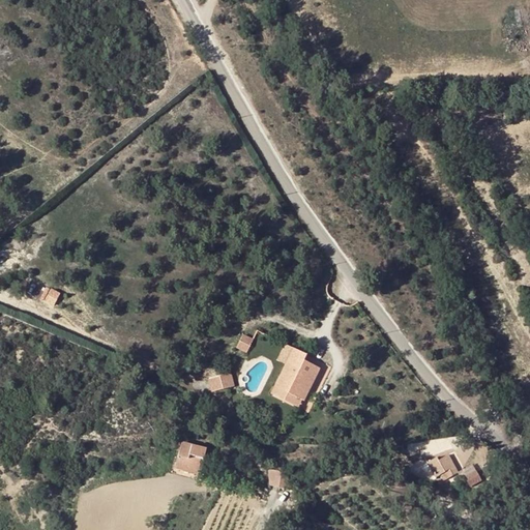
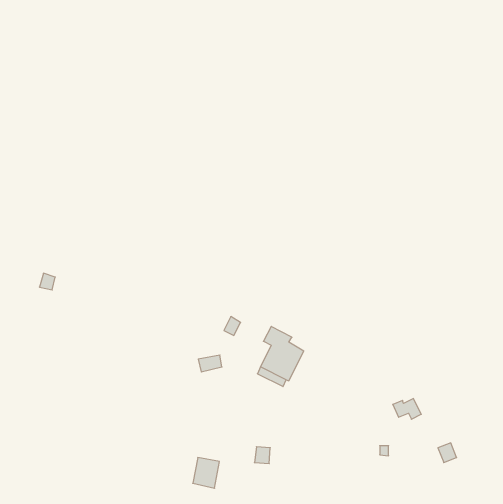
building: [172,441,200,473] -> [193,458,219,488]
building: [429,458,459,479] -> [393,399,421,419]

